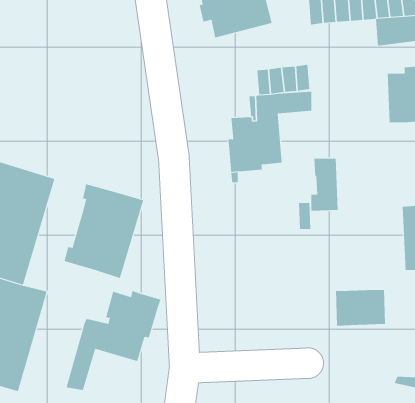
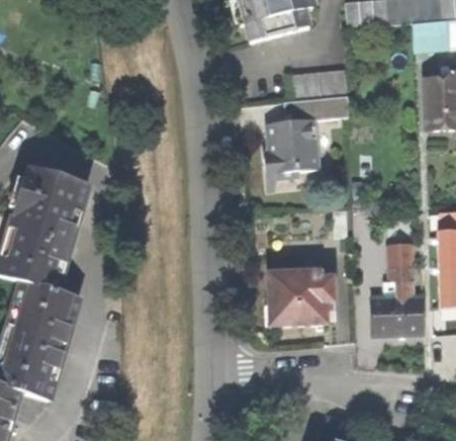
building: [311,158,338,211] -> [385,244,414,297]
building: [64,183,144,279] -> none
building: none -> [266,270,336,330]
building: [66,290,161,391] -> none

